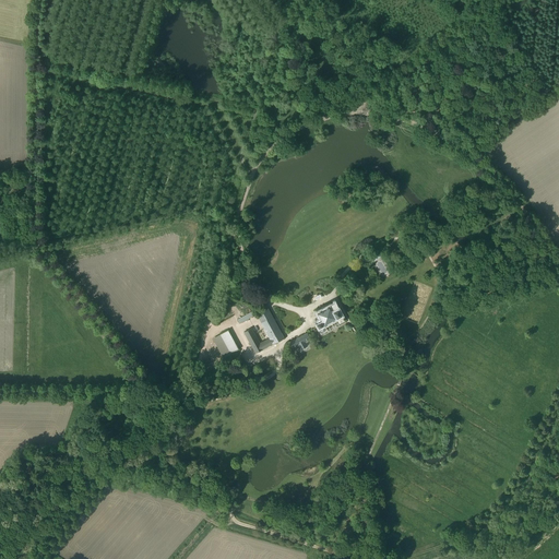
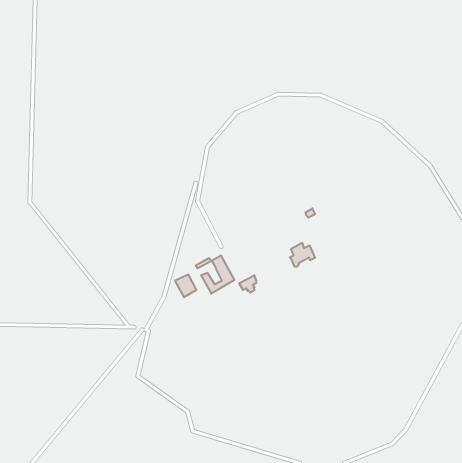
building: [313,304,344,332] -> [290,243,315,266]

